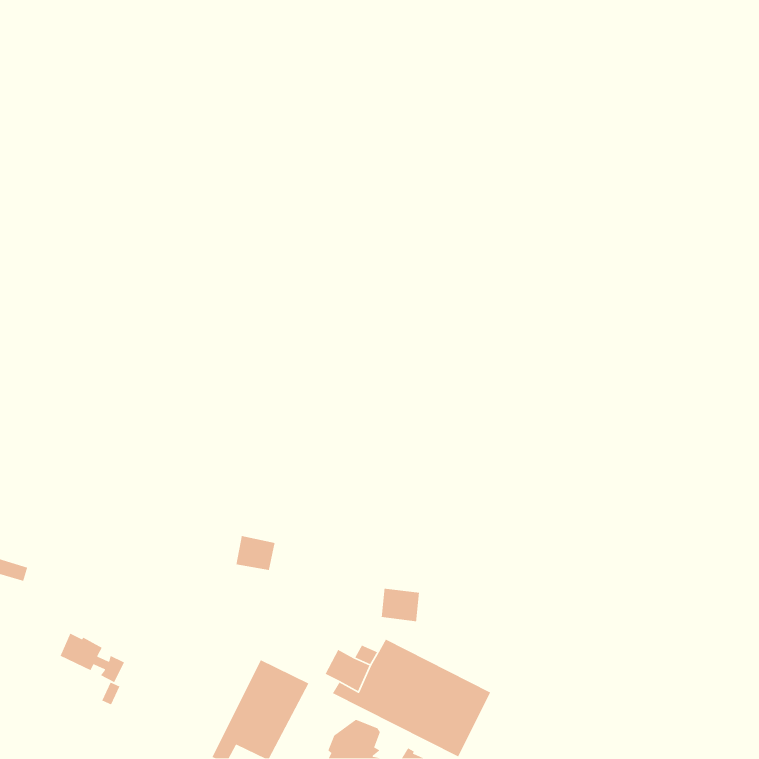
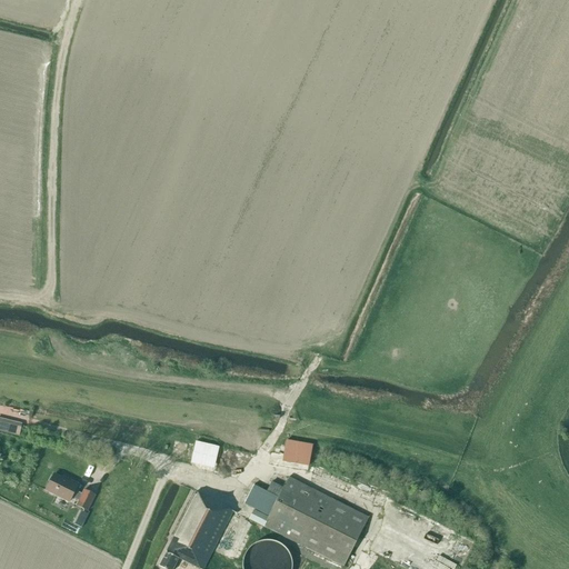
building: [235,535,276,571] -> [191,440,221,467]

